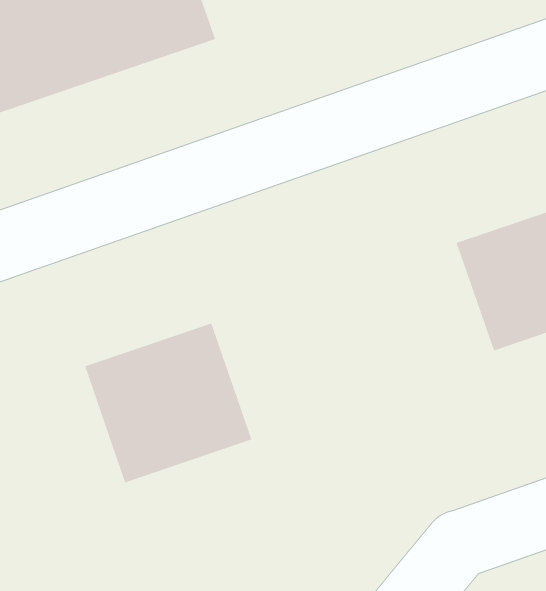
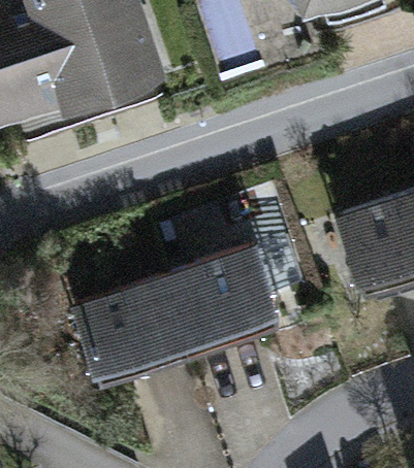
building: none -> [162,244,282,359]

